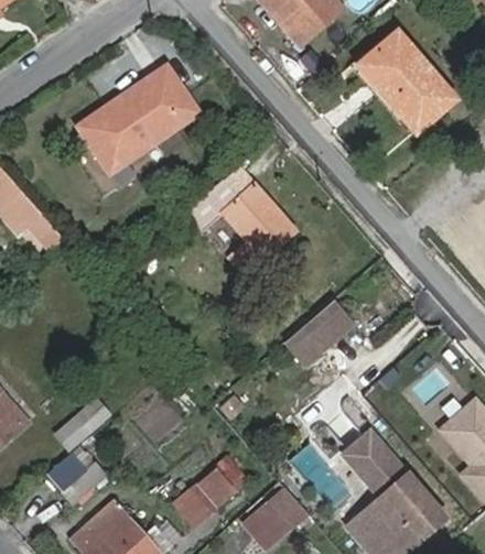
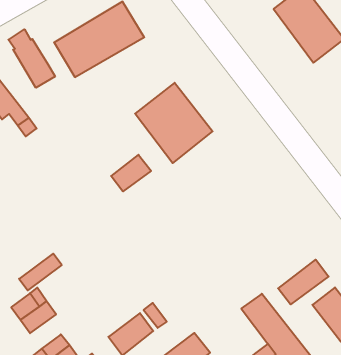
building: none -> [8,29,55,88]
building: none -> [111,155,151,191]
building: [283,300,349,363] -> none
building: none -> [278,260,329,304]

